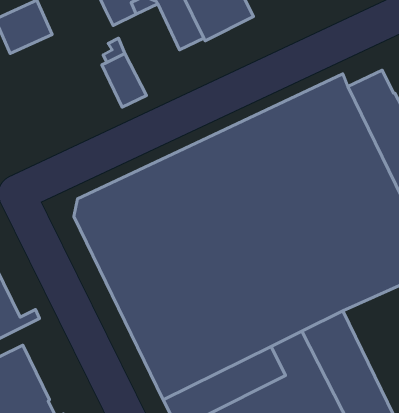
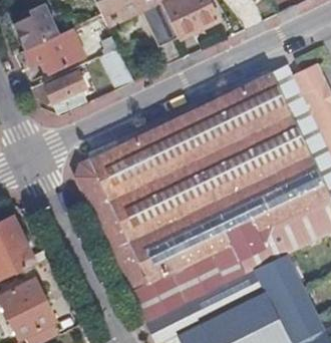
building: none -> [24,28,82,73]
building: none -> [42,69,84,115]

